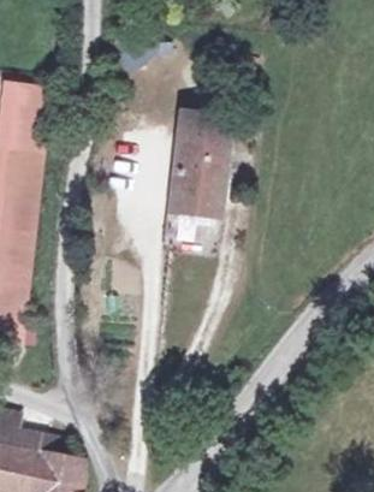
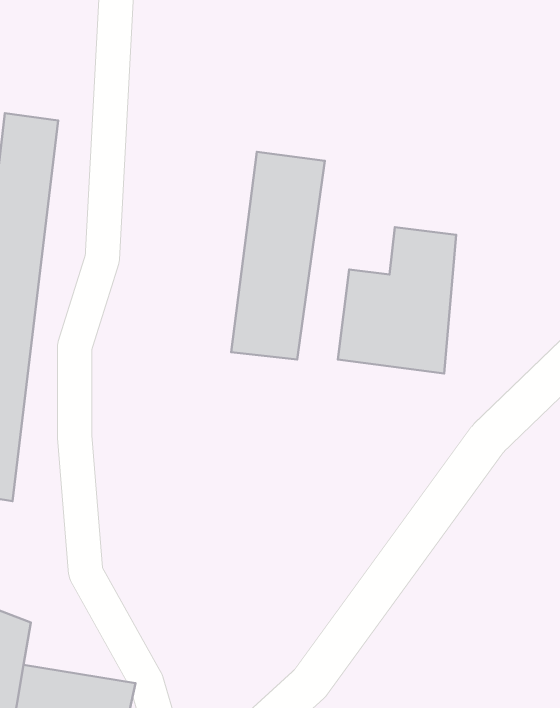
building: none -> [338,227,456,374]

